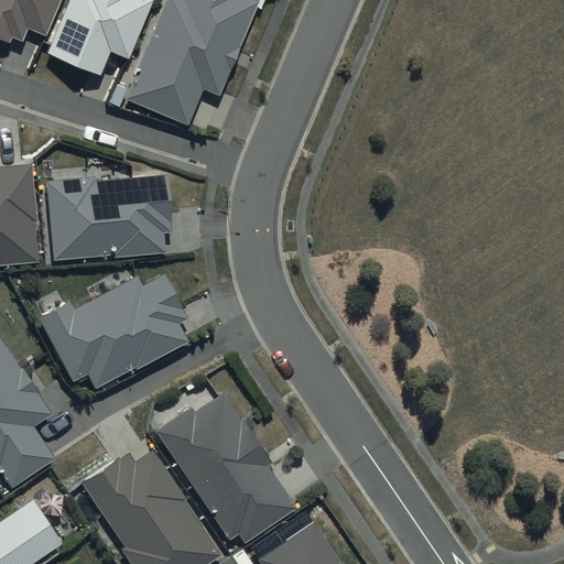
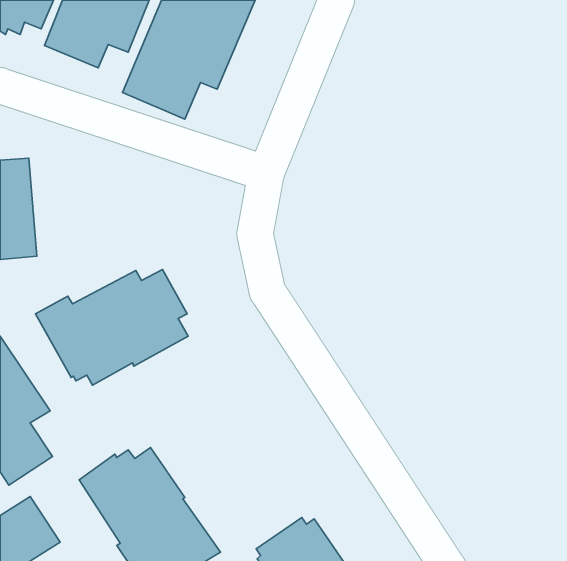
building: [45,174,171,260] -> none
building: [156,392,295,544] -> none

